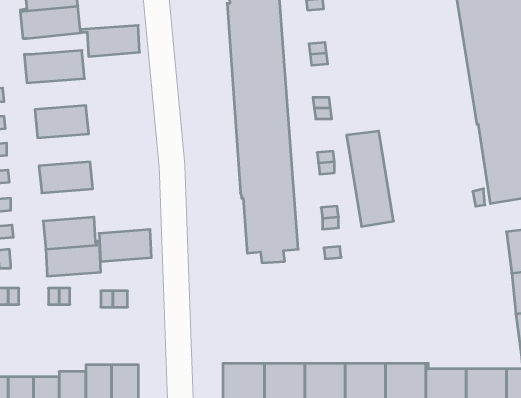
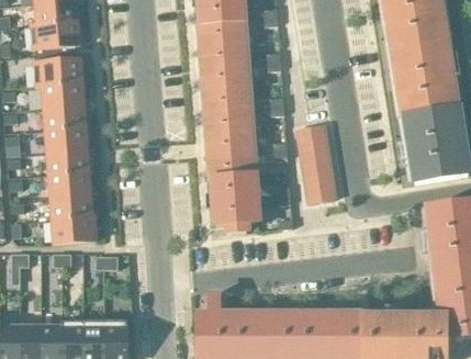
building: [81,25,140,56] -> [35,81,83,106]
building: none -> [44,126,87,153]
building: [99,229,151,262] -> [47,171,90,198]

